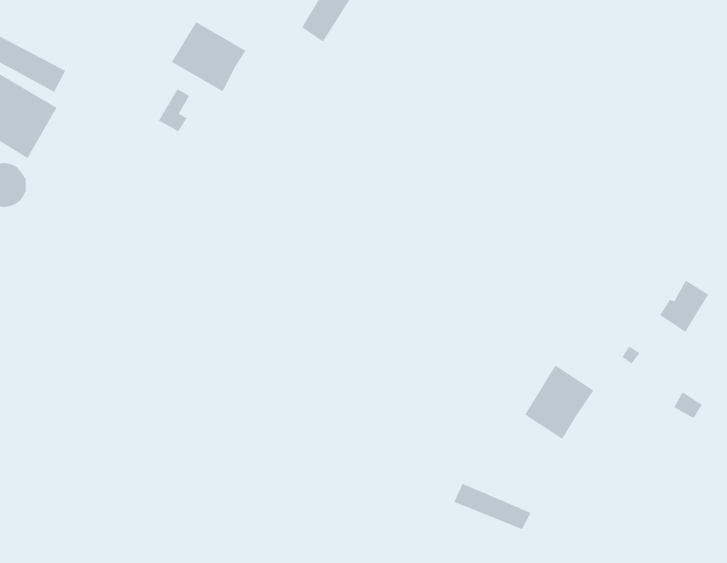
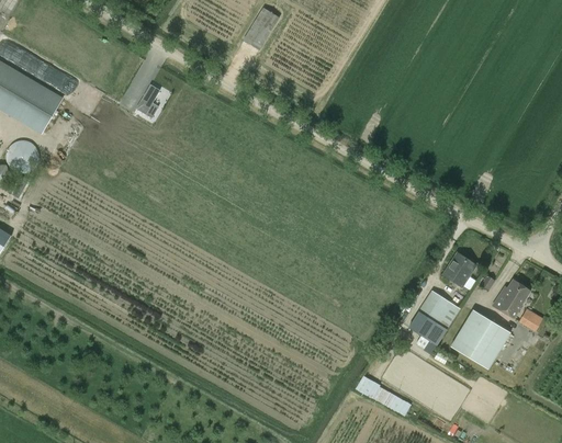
building: [171,21,247,93] -> none
building: [659,280,709,333] -> [493,279,530,318]
building: none -> [442,252,476,286]
building: none -> [451,309,509,368]

